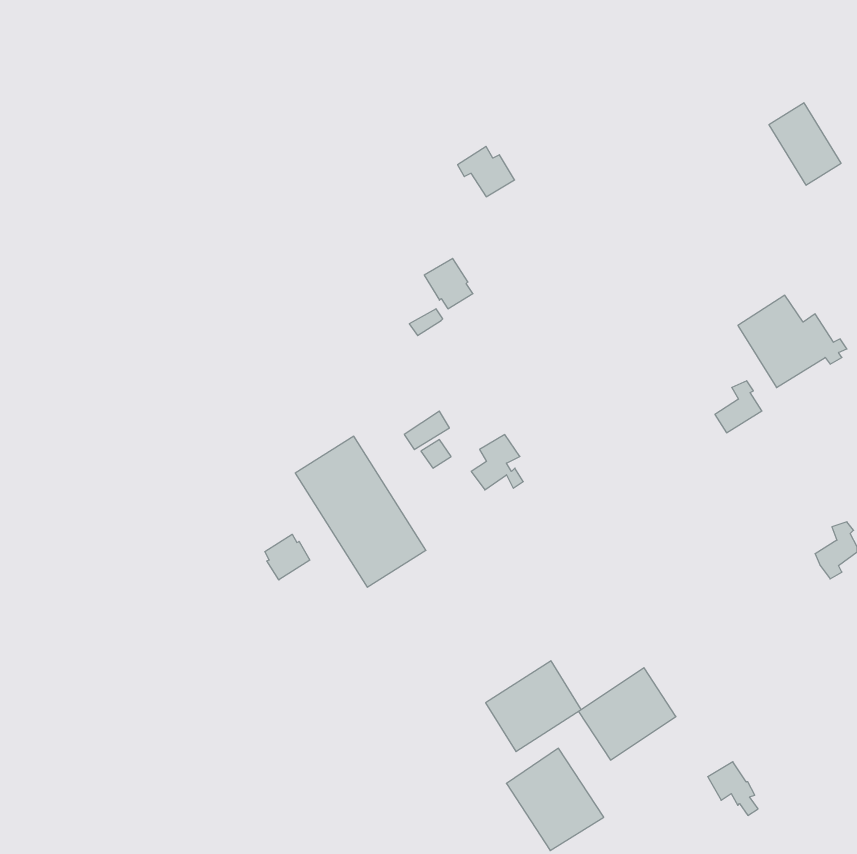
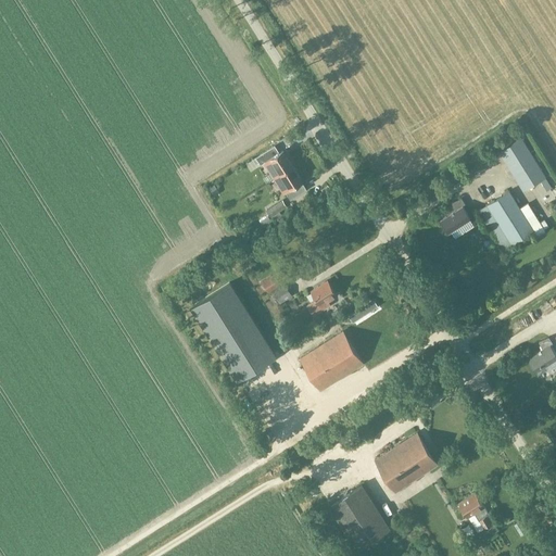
building: [769,103,841,185] -> [500,139,546,192]
building: [458,146,515,197] -> [256,148,293,180]
building: [715,381,762,433] -> [440,201,470,235]
building: [265,534,310,580] -> none
building: [486,661,581,752] -> [301,333,363,392]

